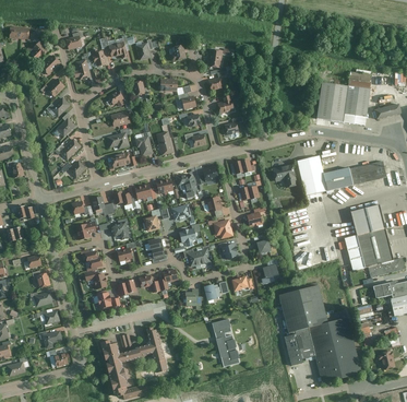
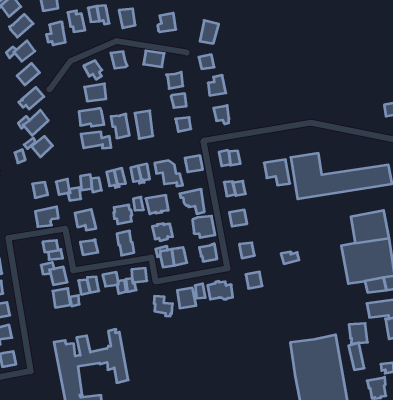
building: [318,79,371,126] -> none
building: [278,283,328,366] -> none
building: [210,318,240,369] -> none

